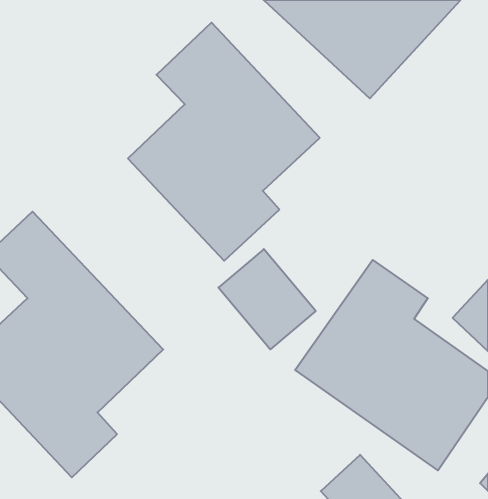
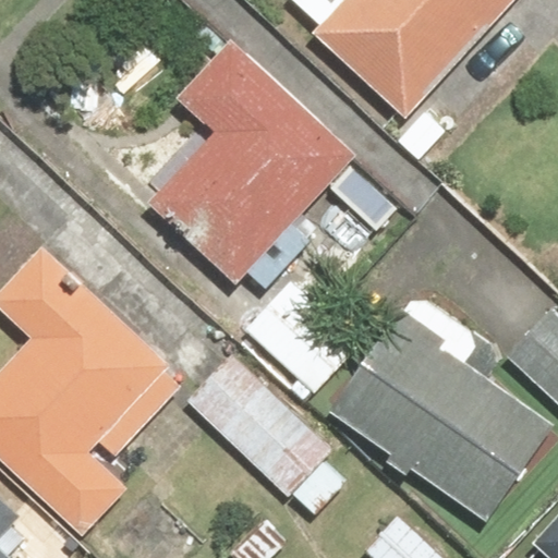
building: none -> [180,356,342,515]

